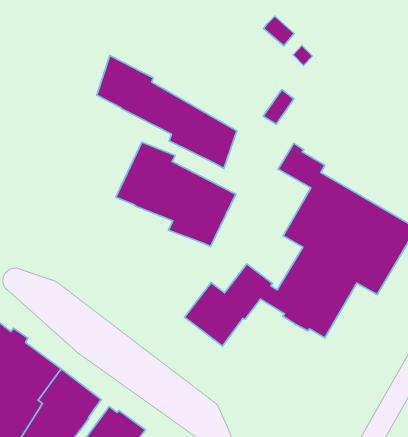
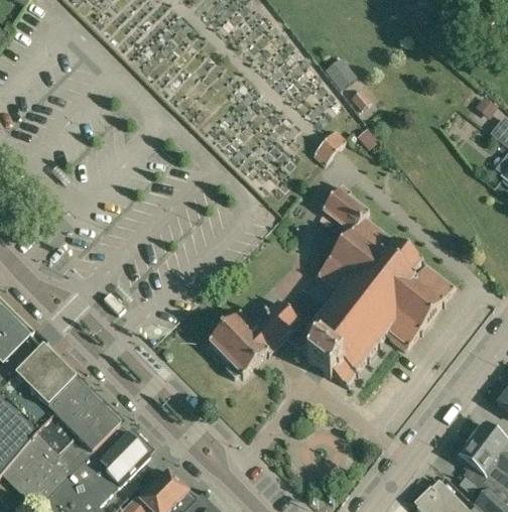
building: [97,56,237,168] -> none
building: [116,142,236,247] -> none

